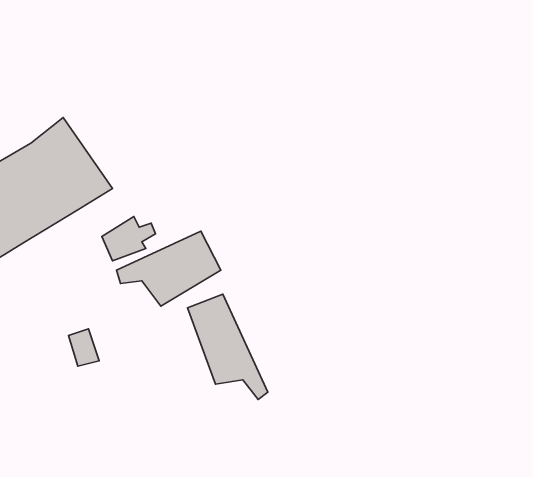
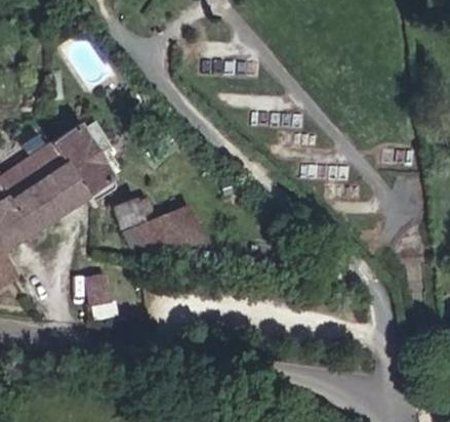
building: [188,294,268,399] -> none

